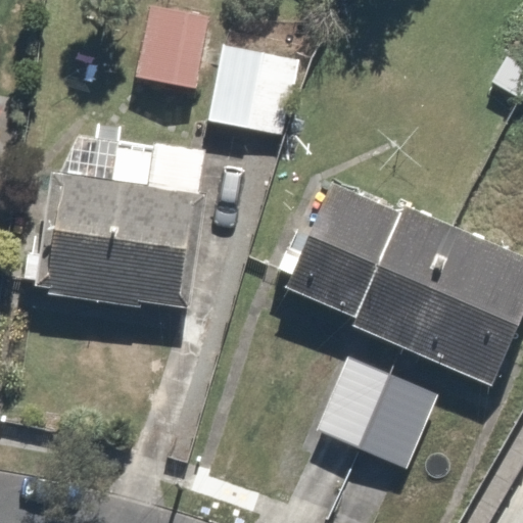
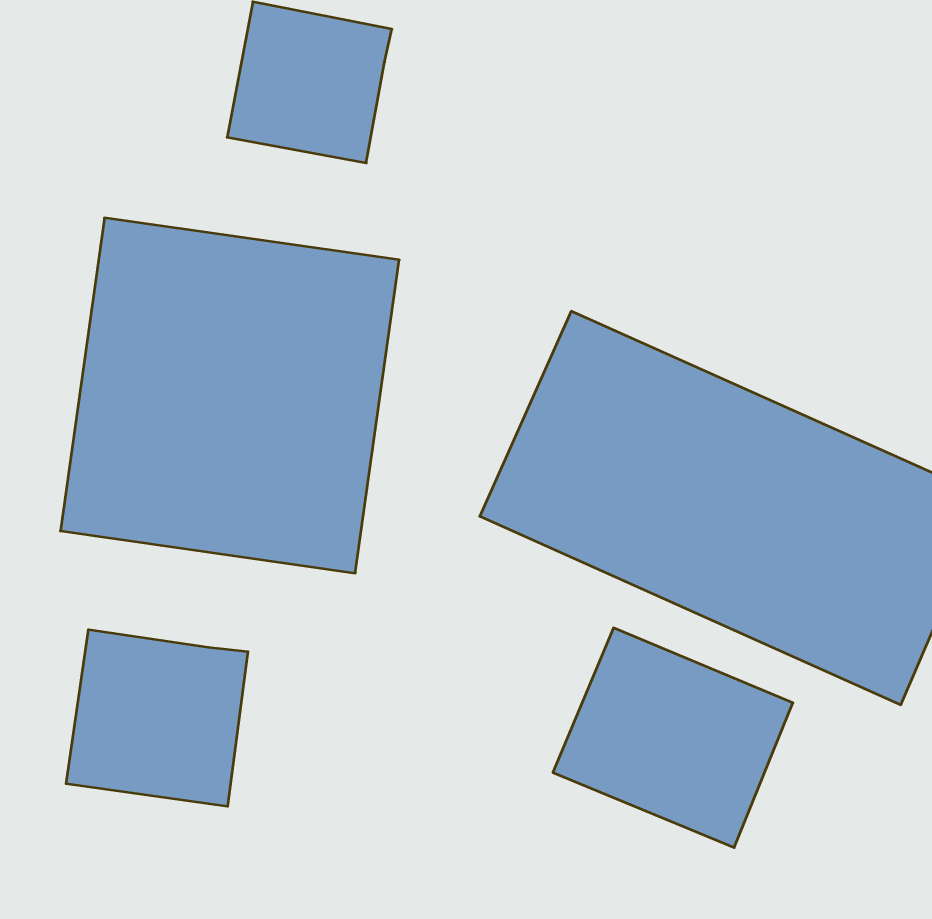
building: [201,35,306,134] -> none
building: none -> [66,630,248,806]

